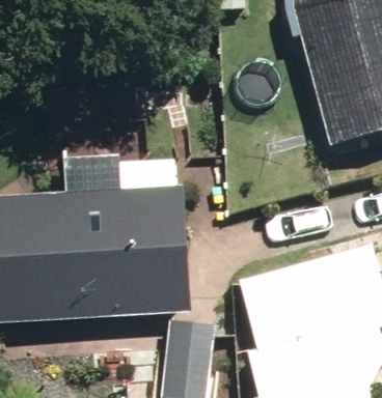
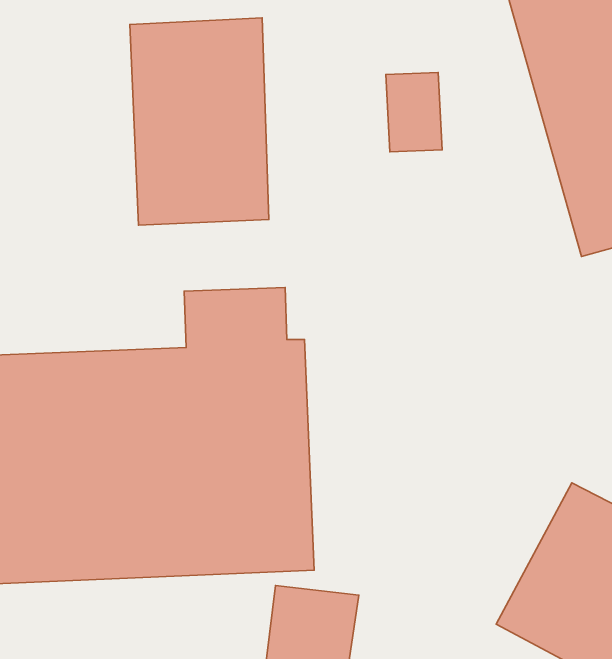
building: none -> [130,18,269,225]

